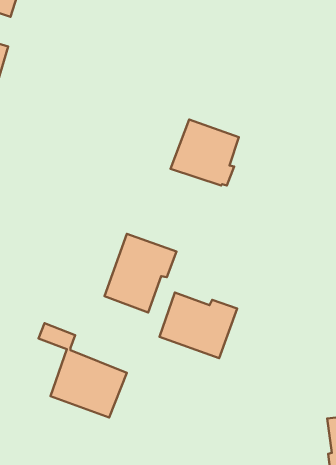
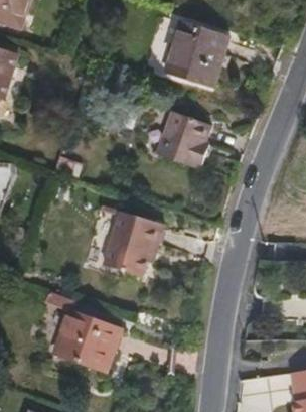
building: none -> [165,19,227,87]
building: [160,292,237,358] -> none

